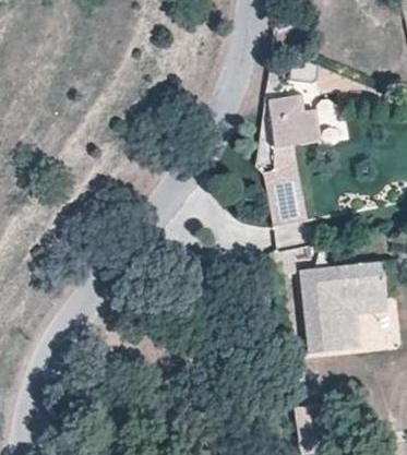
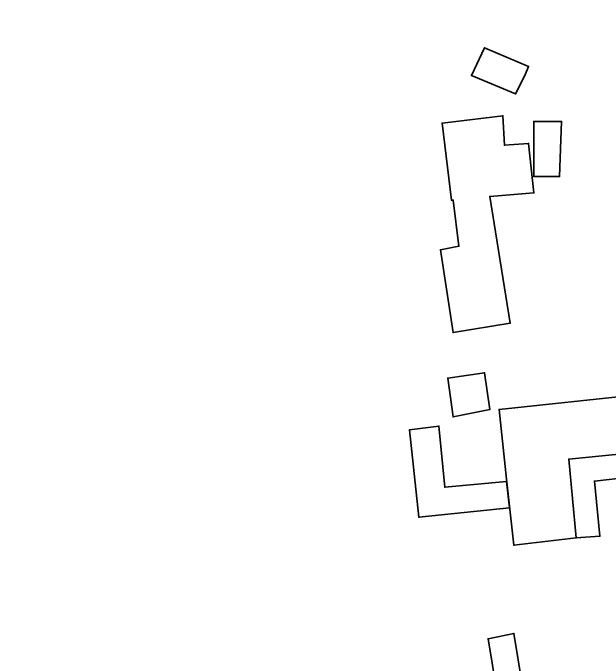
building: none -> [410,426,510,517]

